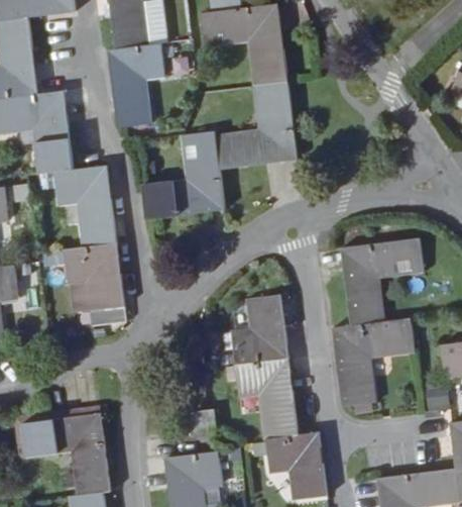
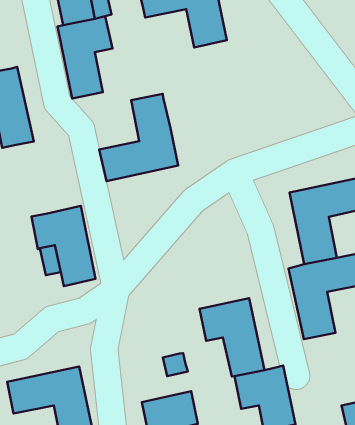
building: [214,80,297,169] -> none
building: [53,166,117,248] -> none
building: [230,295,287,364] -> none

